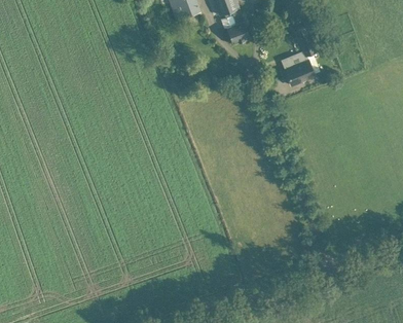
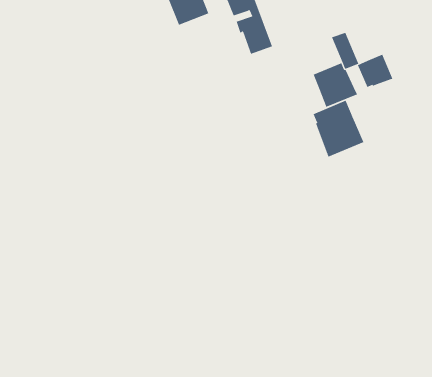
building: none -> [357,54,393,88]
building: none -> [313,100,364,158]

